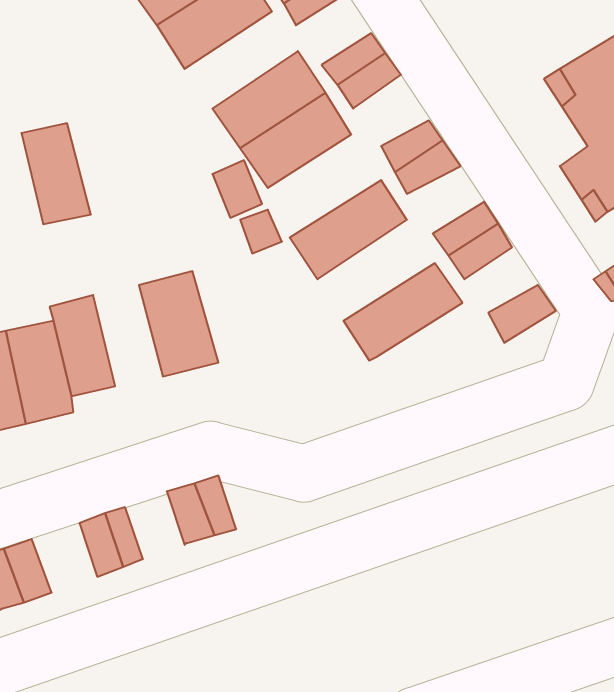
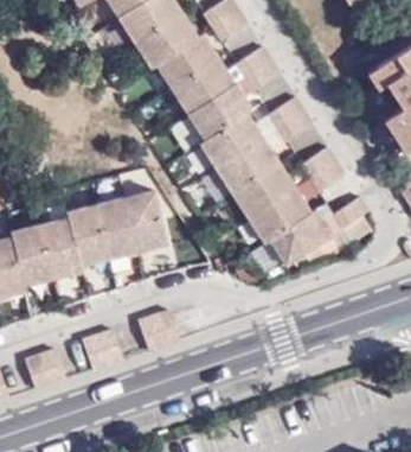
building: none -> [152,32,219,90]
building: [21,123,91,224] -> [97,196,139,256]
building: none -> [198,106,269,167]
building: none -> [231,157,301,217]
building: none -> [266,206,335,265]

